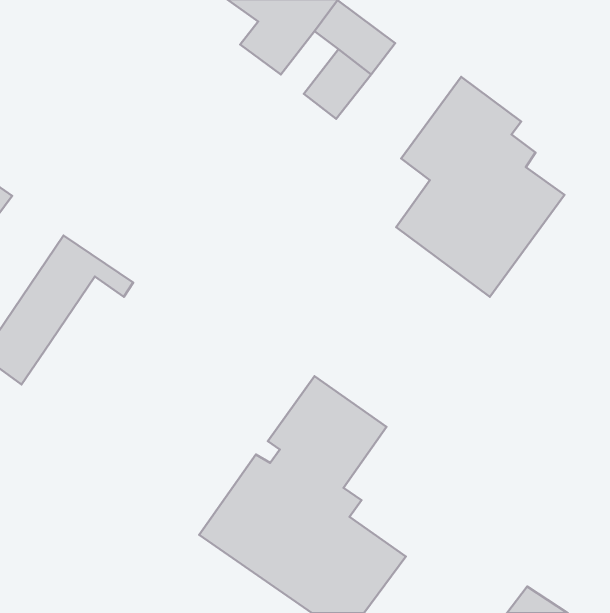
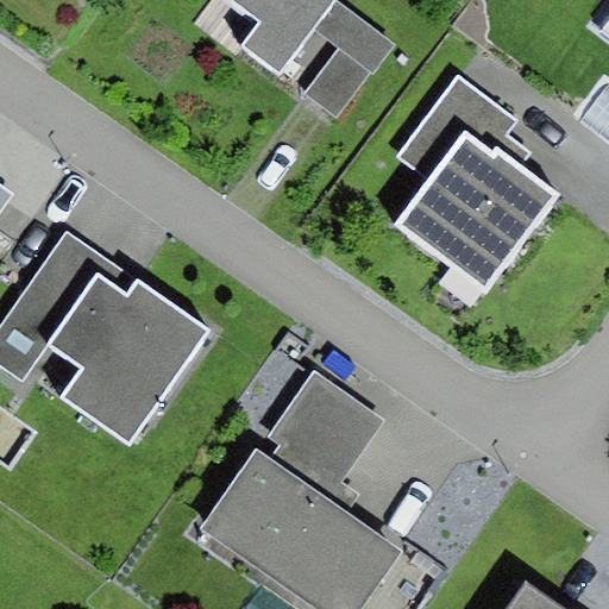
building: none -> [44,274,206,442]

